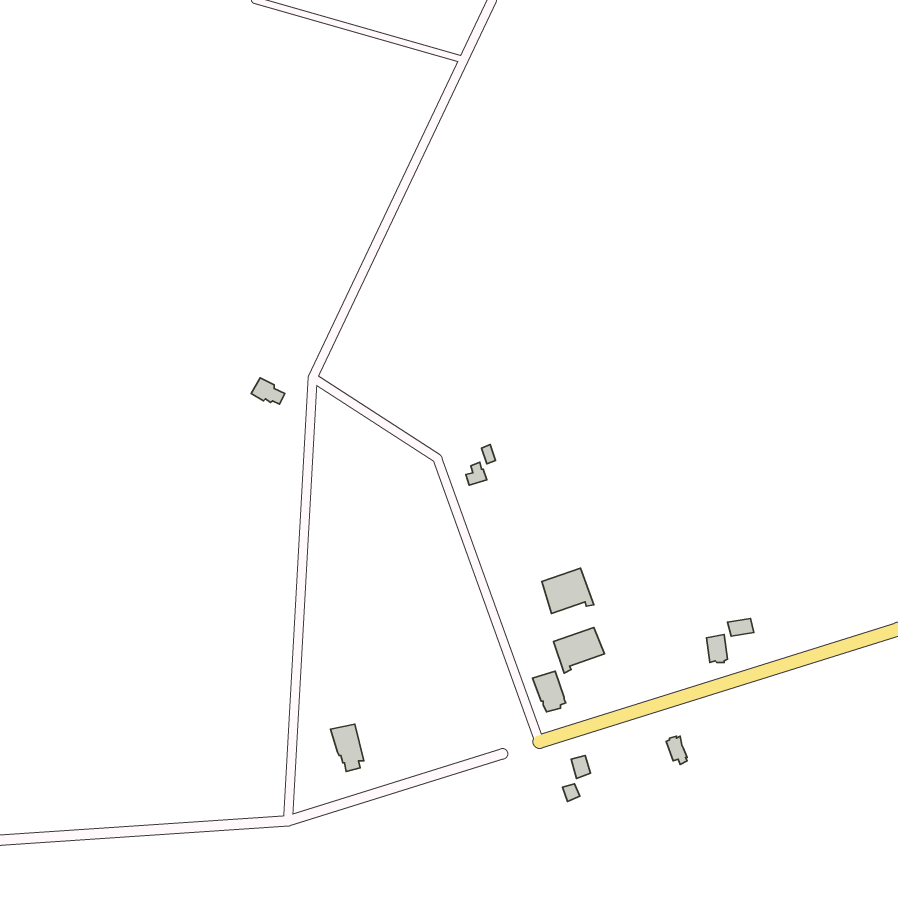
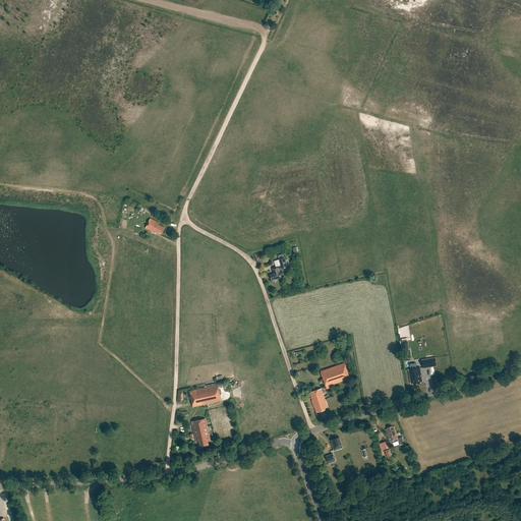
building: [542,568,594,613] -> none
building: none -> [189,385,222,407]

